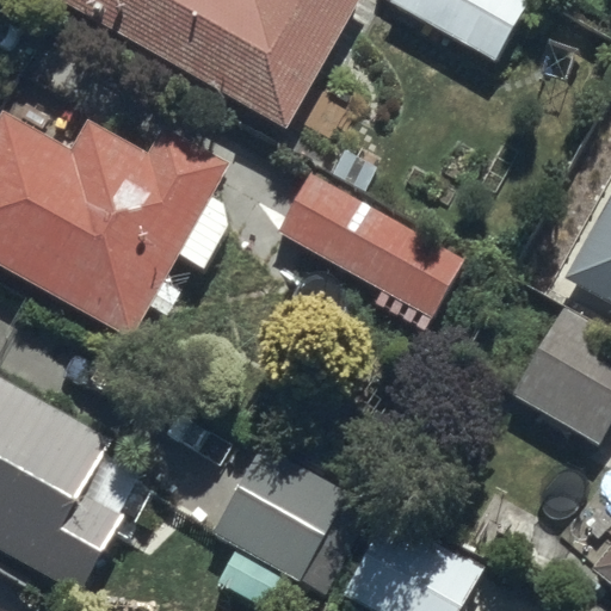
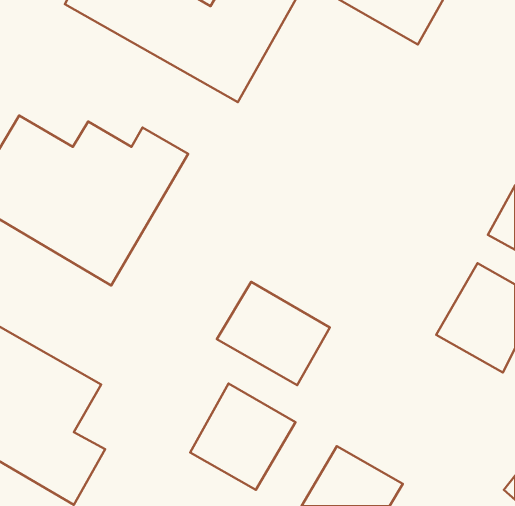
building: [276,173,453,315] -> none
building: none -> [217,282,330,385]

